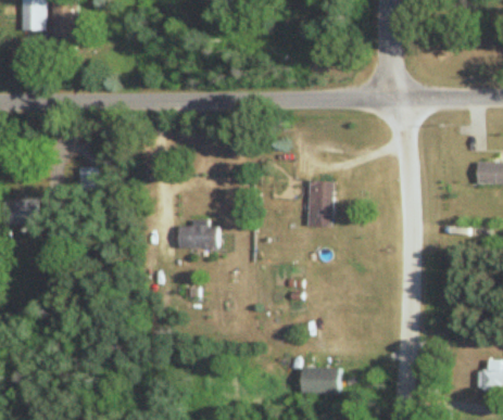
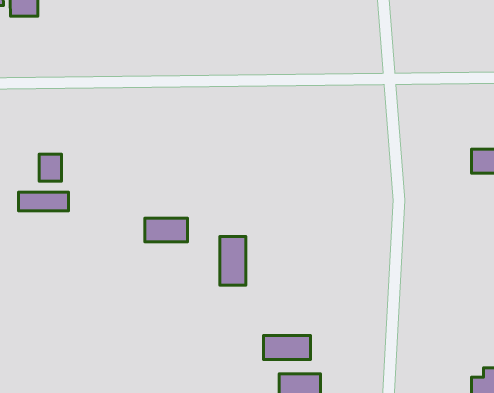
building: [307,180,331,225] -> [220,237,246,285]
building: none -> [18,192,68,211]
building: none -> [264,336,310,360]

